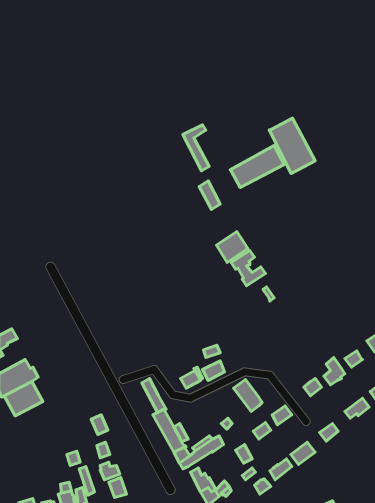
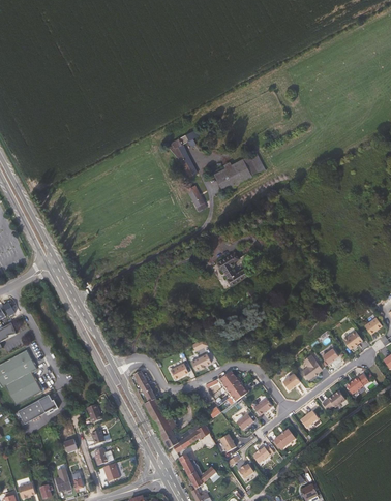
building: [269,118,315,174] -> none
building: [216,232,248,262] -> none
building: none -> [18,395,58,424]

